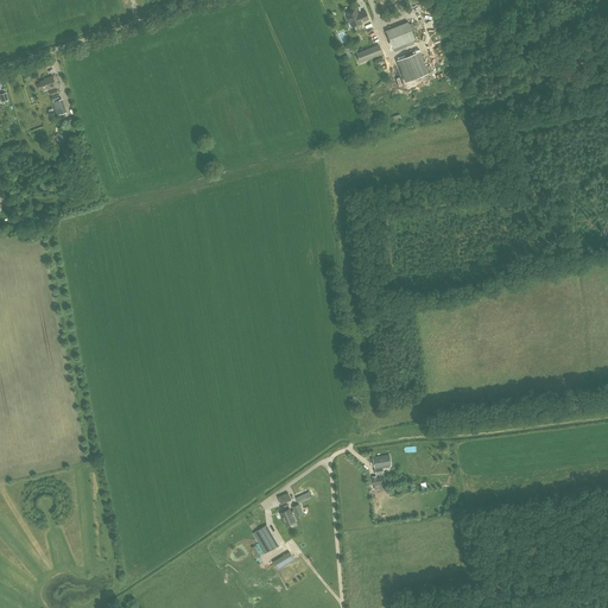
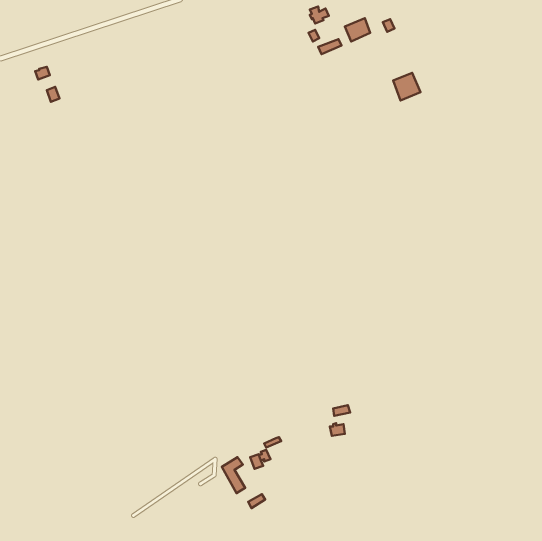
building: [398,50,429,81] -> [393,73,421,101]

